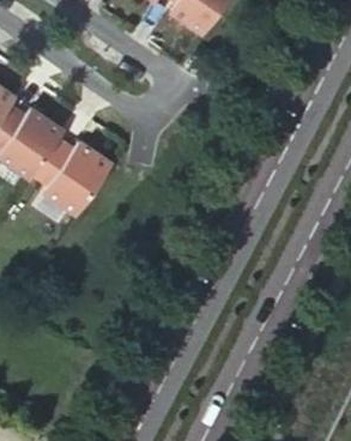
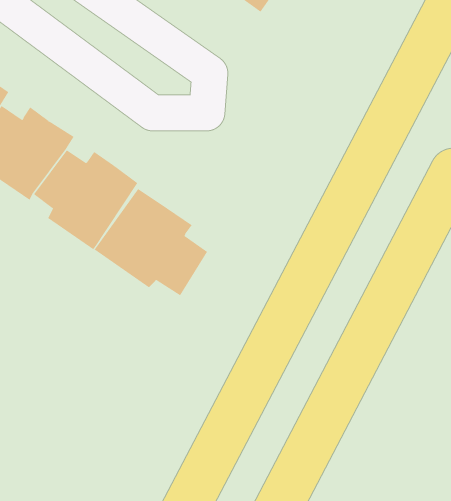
building: none -> [94,188,208,296]

